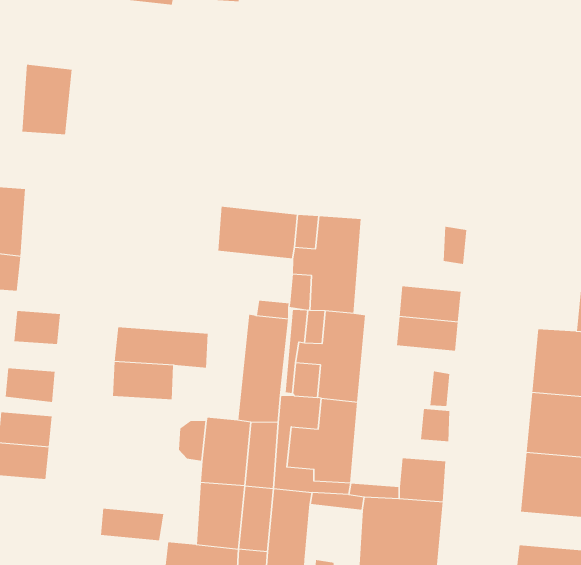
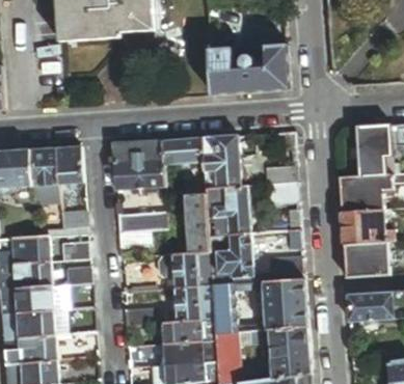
building: none -> [209,45,291,95]
building: [21,64,72,135] -> [56,146,83,184]
building: none -> [111,140,164,189]

